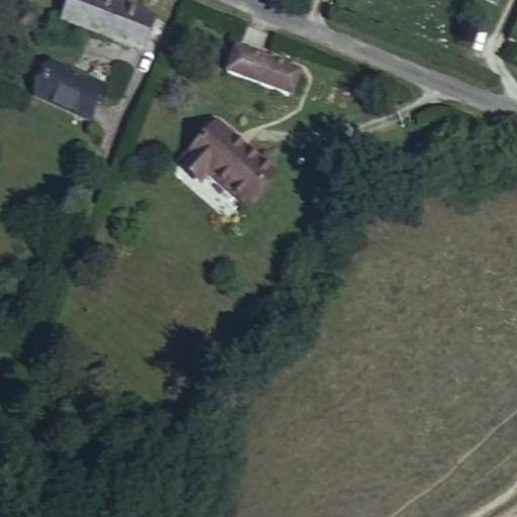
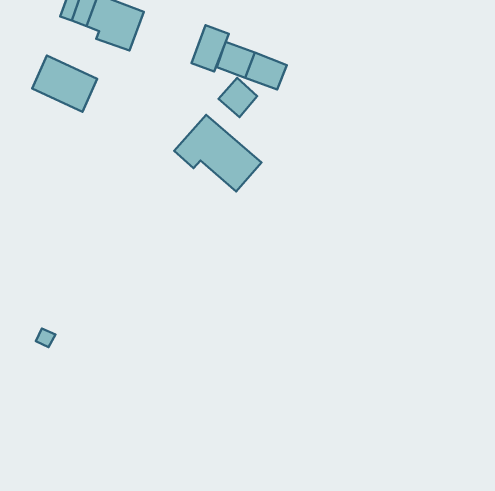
building: none -> [191,25,229,71]
building: none -> [219,78,257,117]

